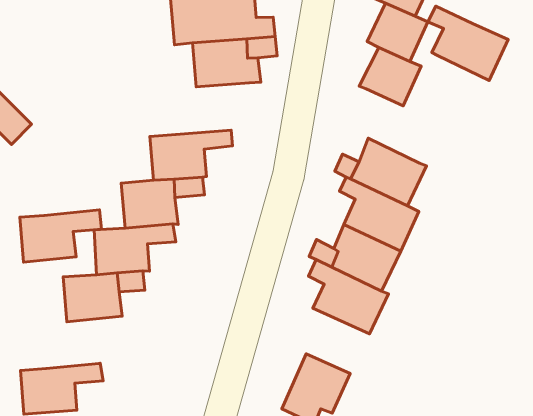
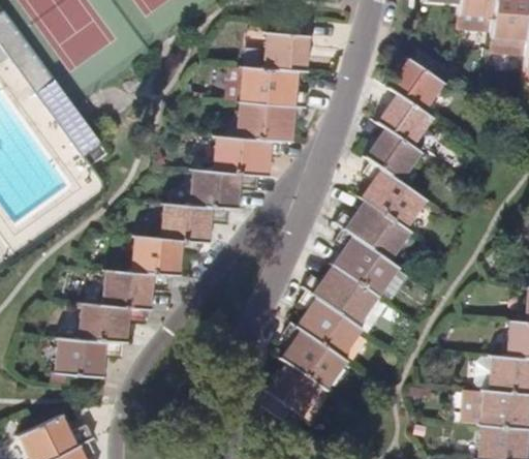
building: [428,6,508,81] -> [362,162,424,228]
building: none -> [214,136,279,177]
building: [20,210,101,262] -> [80,304,147,343]
building: none -> [282,323,344,389]

